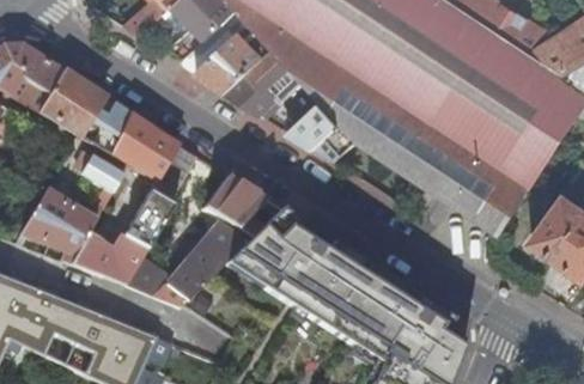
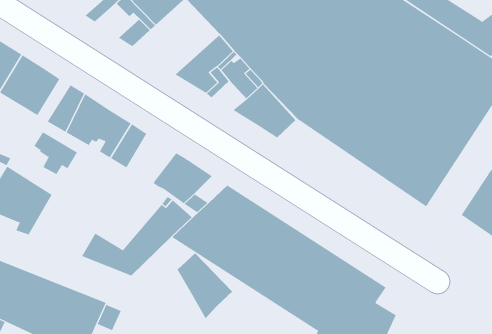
building: [197,32,264,91] -> none
building: [69,190,172,286] -> none
building: none -> [177,252,233,319]

